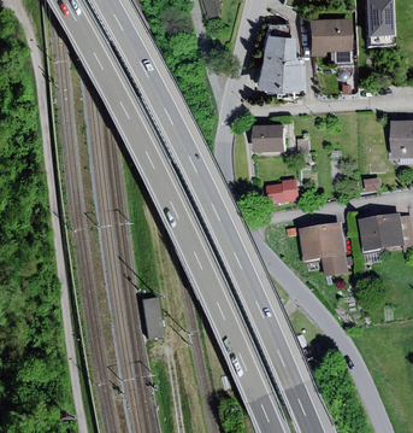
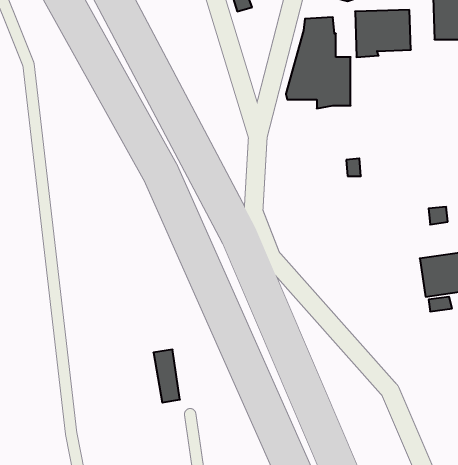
building: [255,124,285,152] -> none
building: [266,177,300,204] -> none
building: [300,222,349,276] -> none

